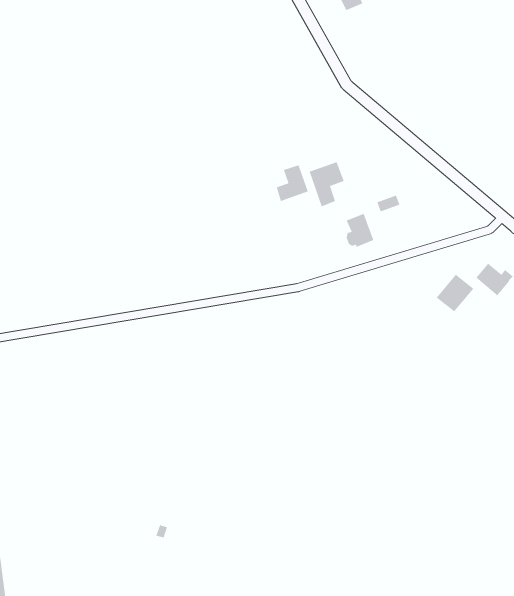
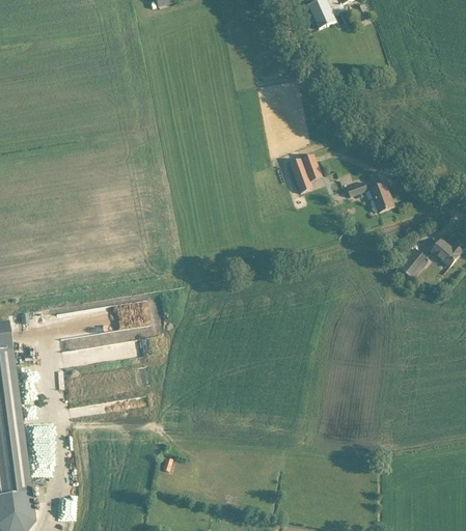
building: [276,165,309,202] -> none
building: [346,213,374,248] -> [369,183,393,212]

